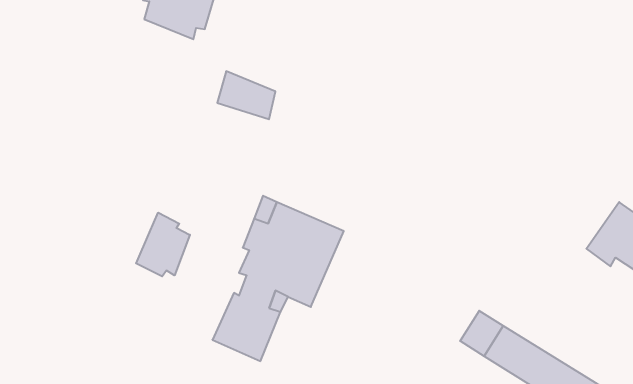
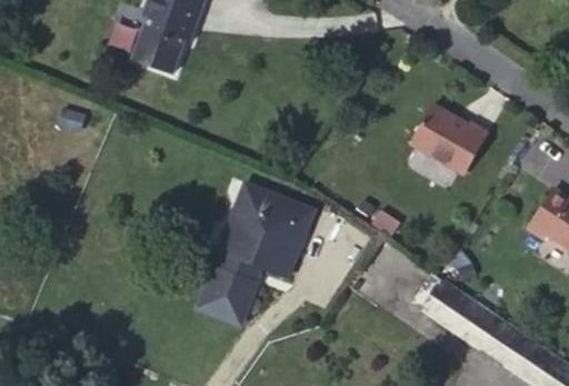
building: [217,71,275,119] -> [130,26,181,68]
building: none -> [409,106,493,177]
building: [136,213,190,276] -> none

